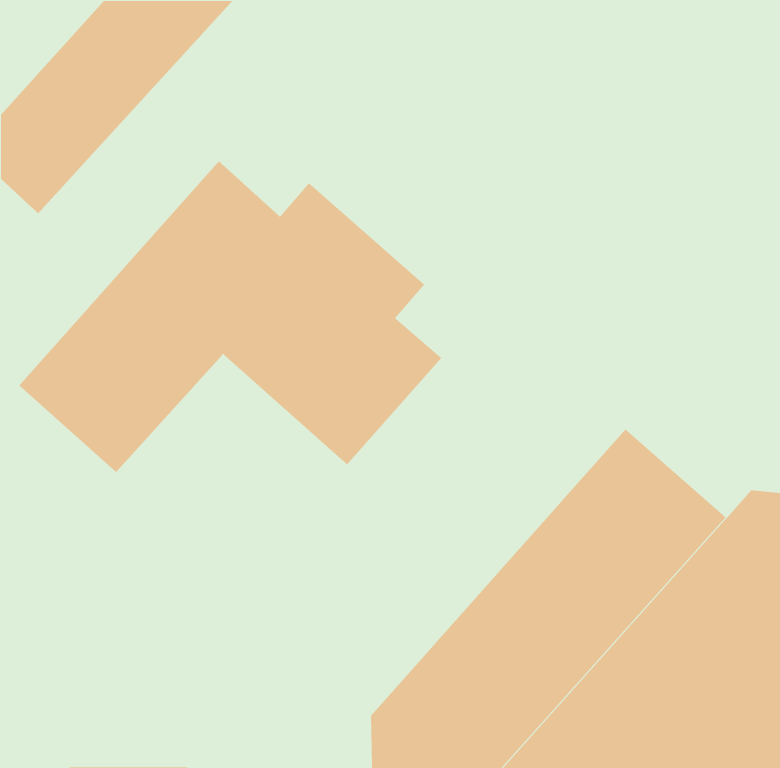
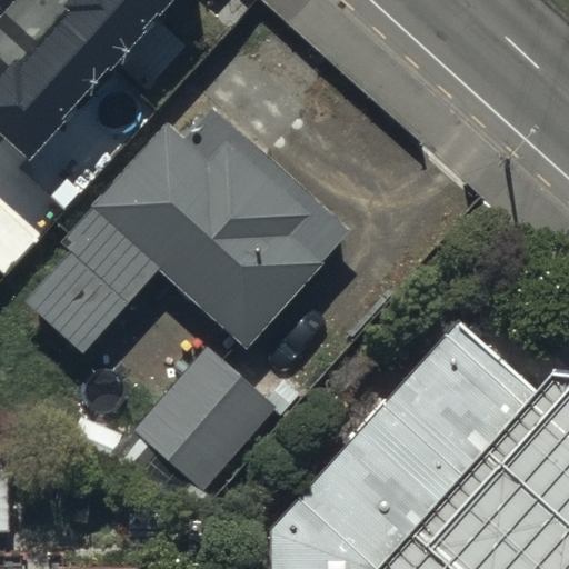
building: none -> [136,348,274,488]

